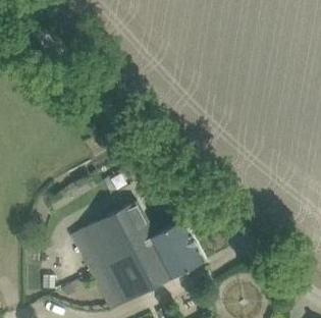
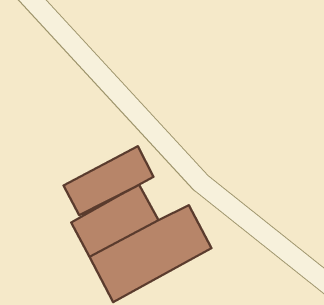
building: none -> [63,146,154,215]

